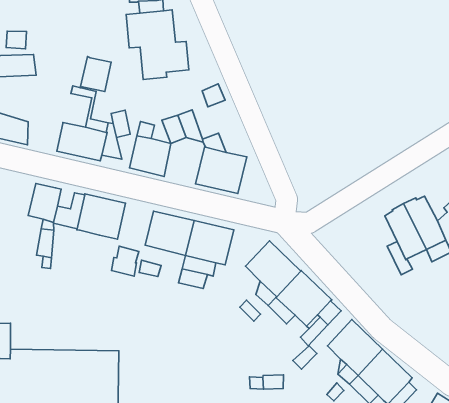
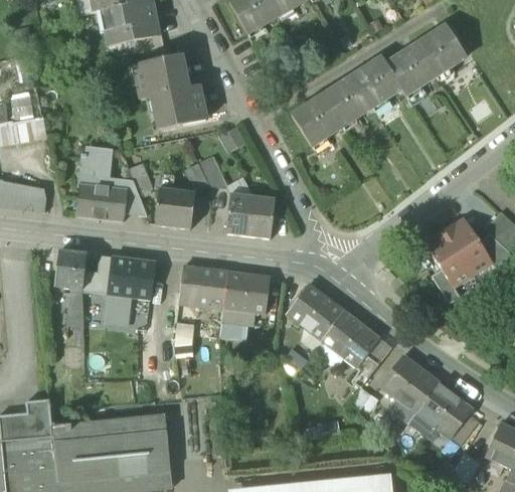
building: none -> [292,24,466,145]
building: [80,57,111,91] -> [78,152,108,186]
building: [111,246,139,276] -> [106,294,132,323]

